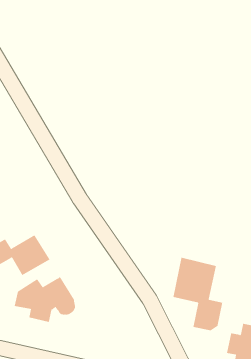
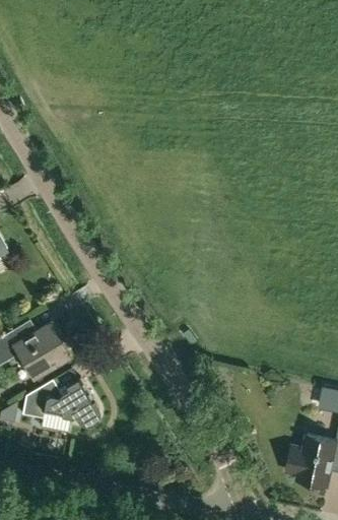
building: [173,257,223,331] -> none

